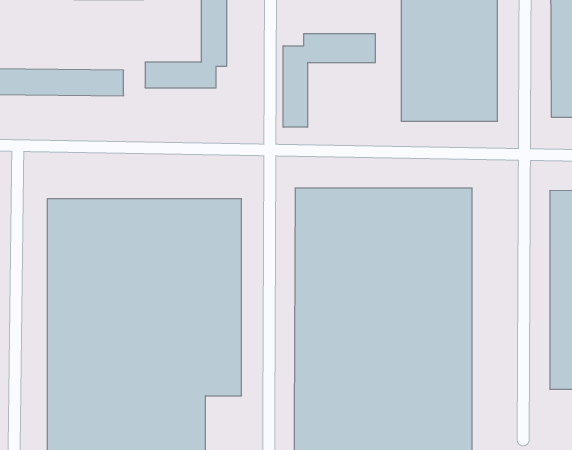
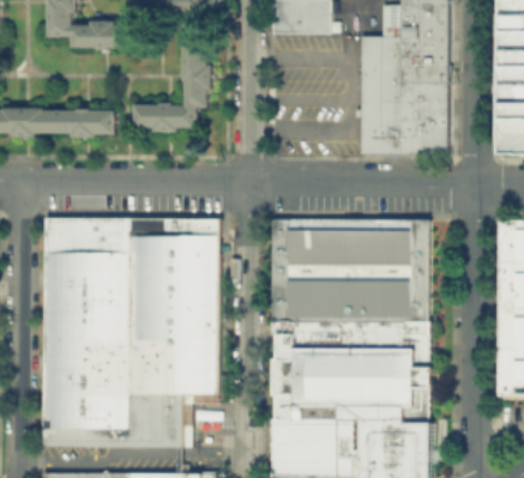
building: [283,34,375,127] -> none

